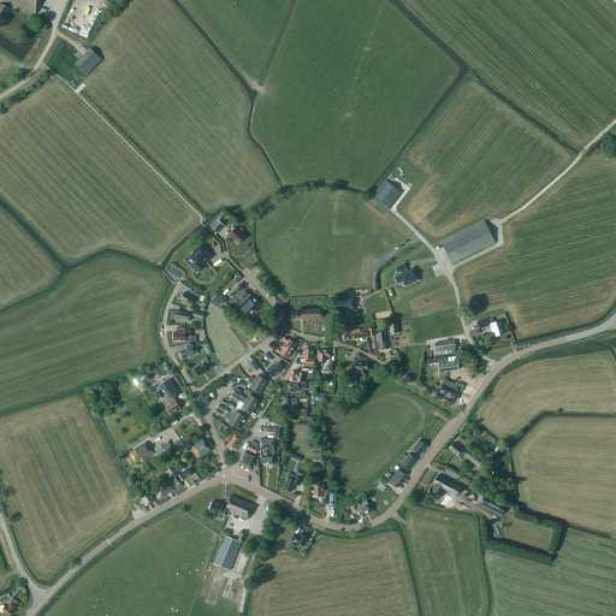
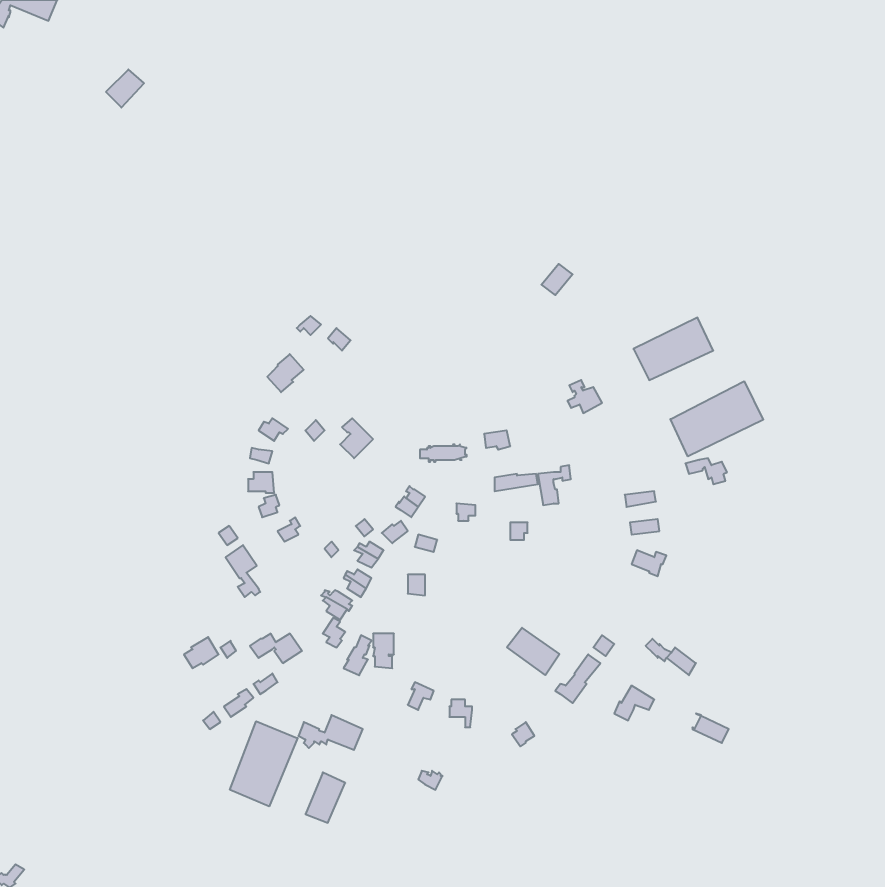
building: none -> [670,381,763,456]
building: none -> [507,628,559,675]
building: none -> [230,721,298,806]

